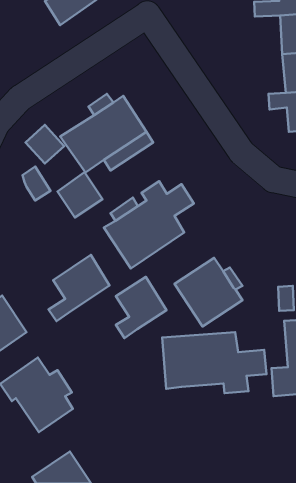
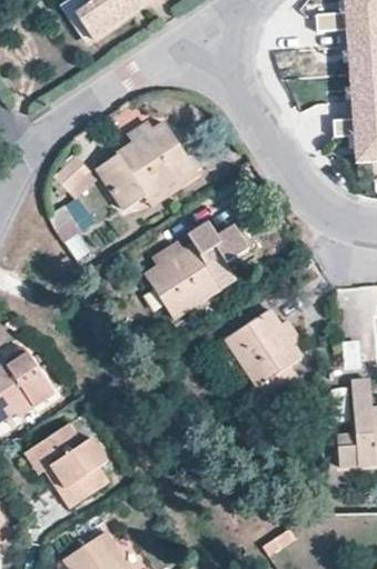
building: [57,172,103,218] -> none
building: [48,255,110,321] -> none
building: [116,277,167,338] -> none
building: [162,332,266,393] -> none

